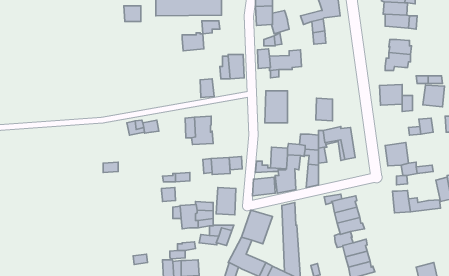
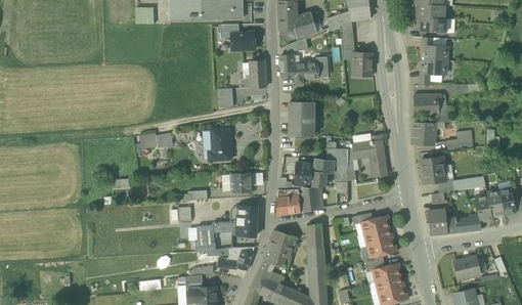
building: [182,33,204,51] -> [231,31,255,50]
building: [423,85,444,107] -> [411,122,435,145]
building: [316,98,333,121] -> [353,51,372,76]
building: none -> [453,256,480,279]

